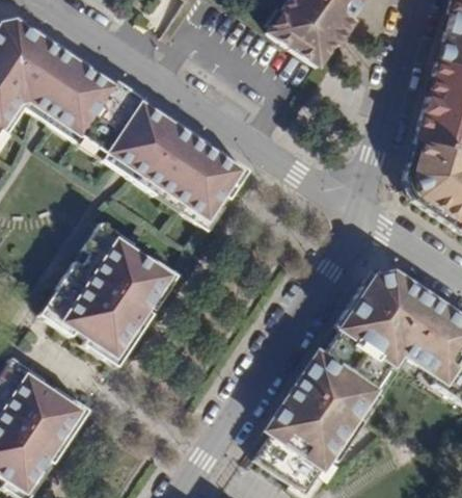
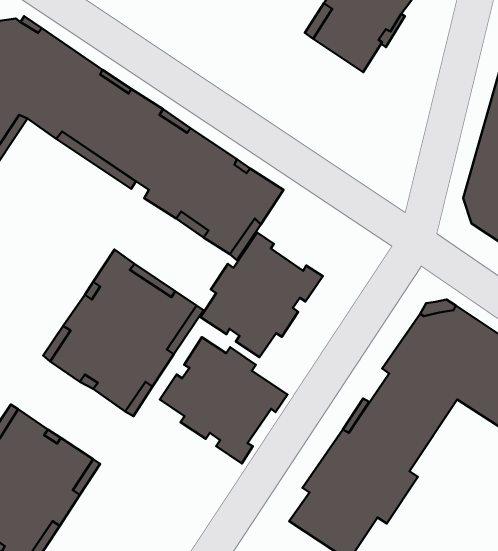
building: none -> [200,233,323,357]
building: none -> [160,337,288,464]

